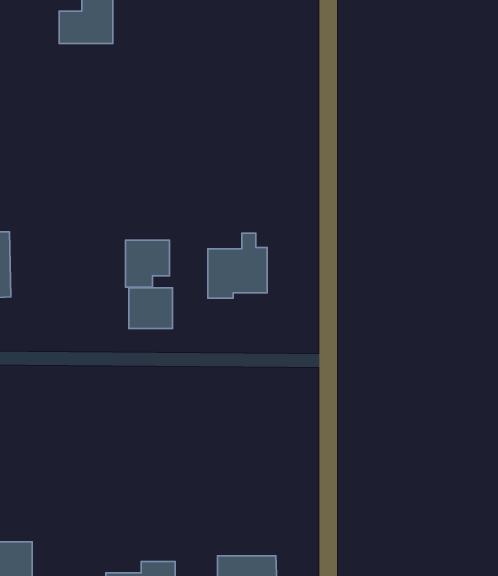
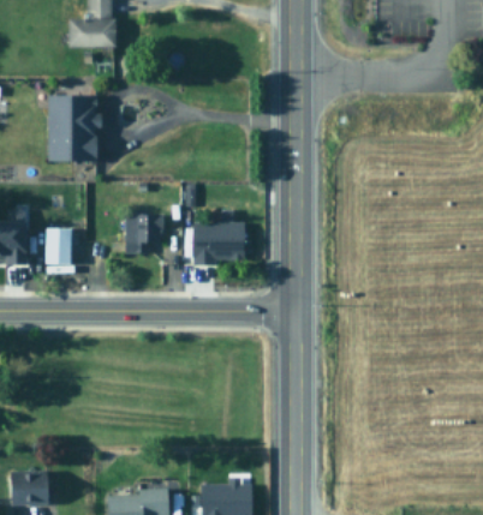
building: none -> [47,97,96,162]
building: none -> [44,229,68,265]
building: [129,288,172,328] -> none

